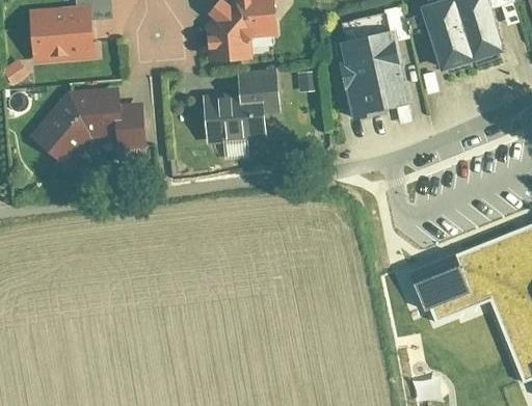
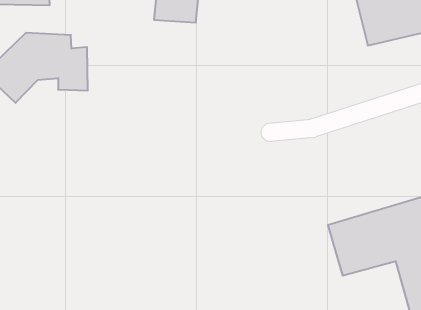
building: [337,32,414,116] -> none
building: [205,77,278,143] -> none

